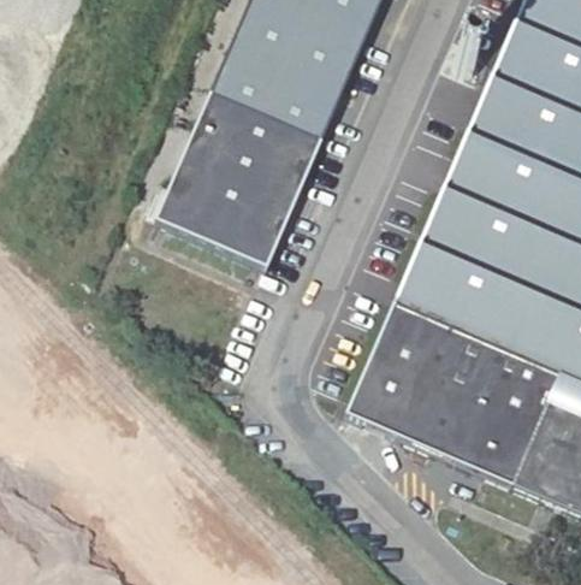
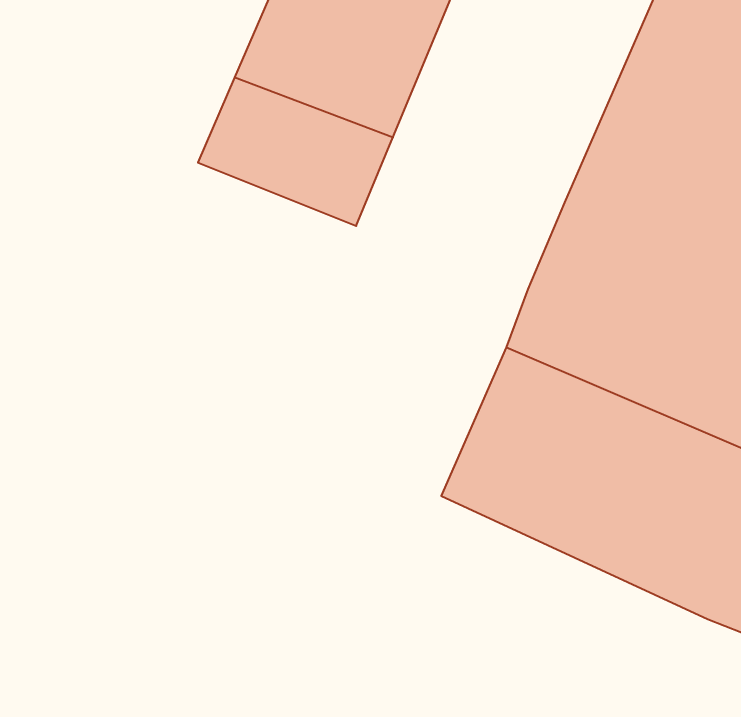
building: [152,167,291,274] -> none

